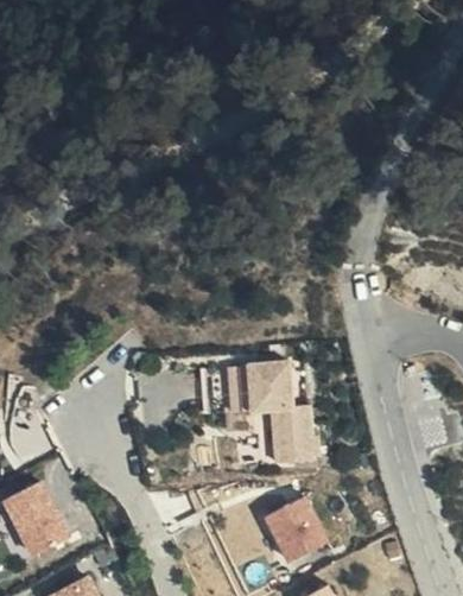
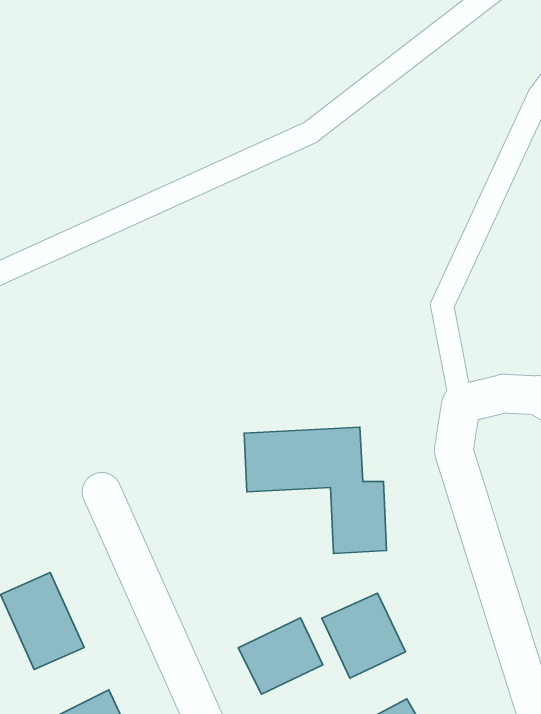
building: none -> [238,618,323,694]

